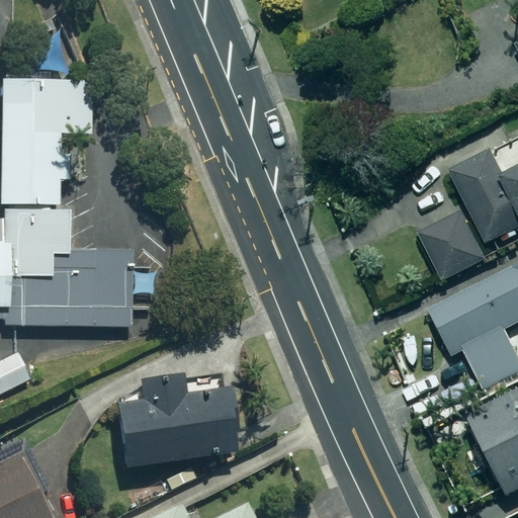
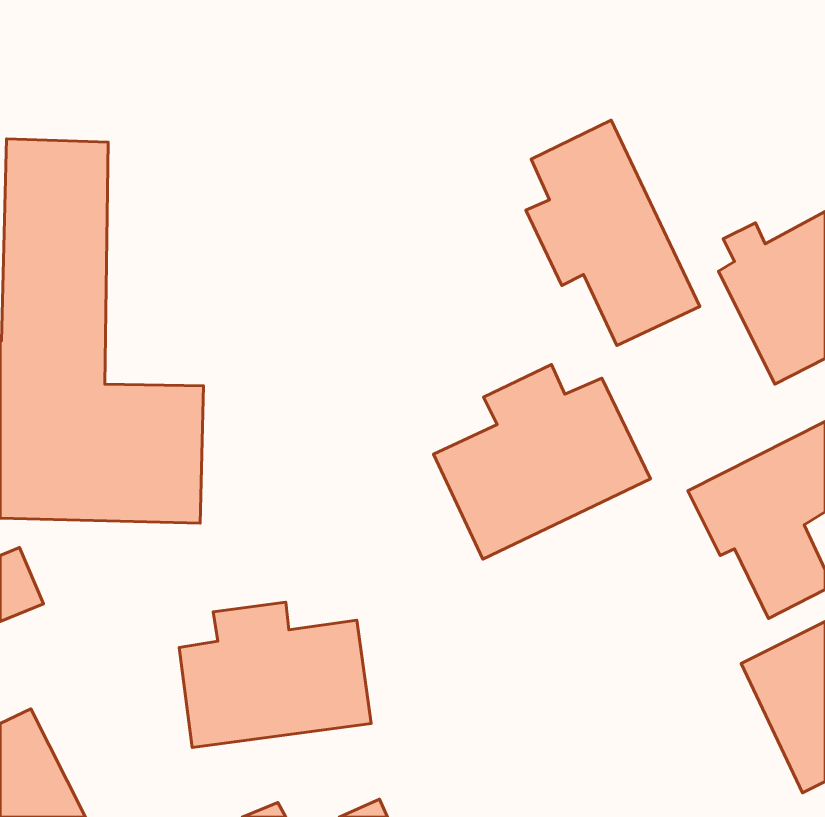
building: none -> [526,120,700,345]
building: [418,209,485,278] -> none
building: none -> [433,364,651,559]

